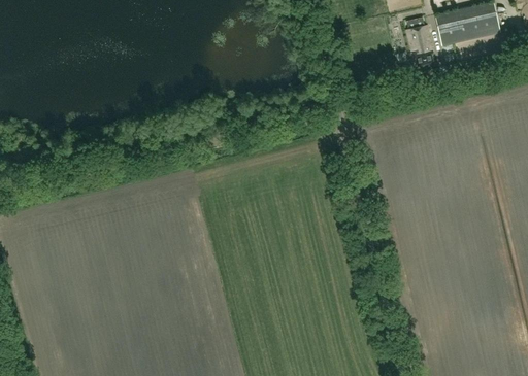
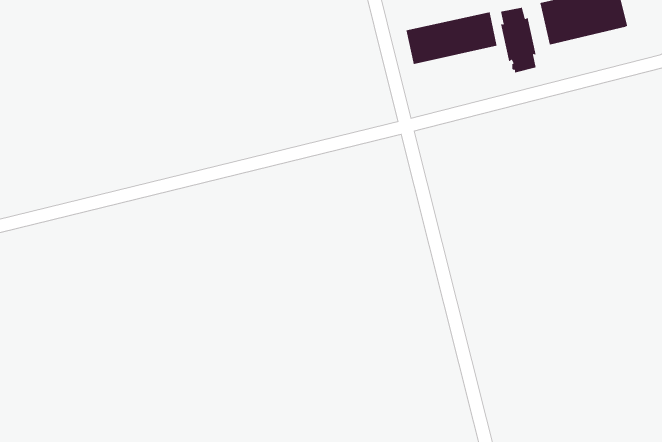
building: none -> [406,11,497,65]

